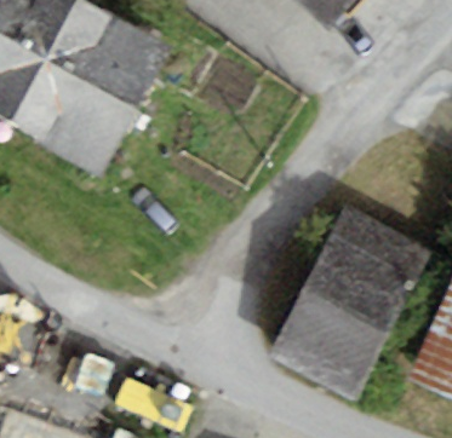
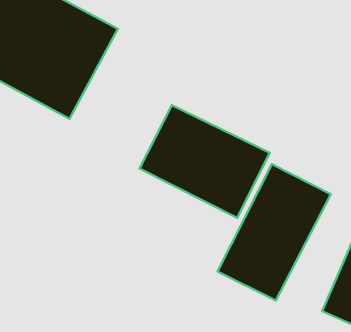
building: none -> [139,105,270,218]

